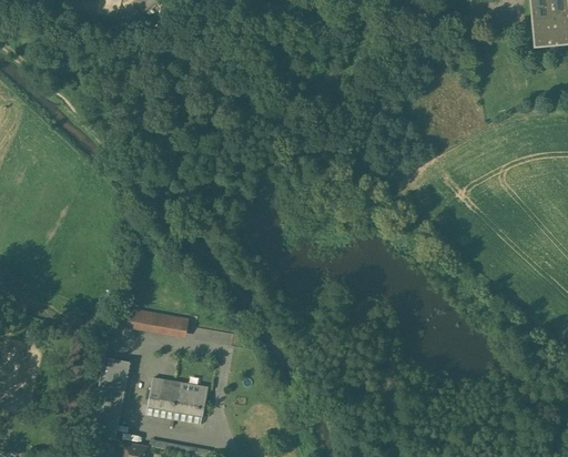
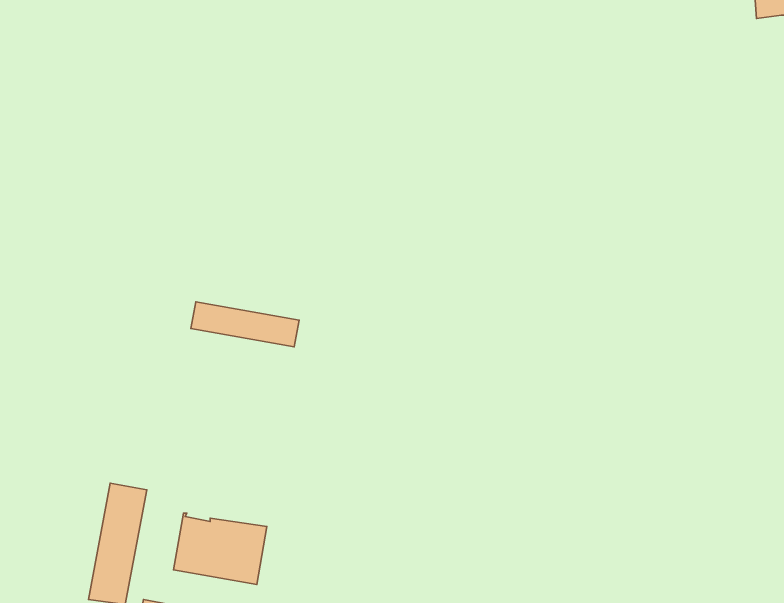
building: [118,306,190,336] -> [191,302,299,347]

